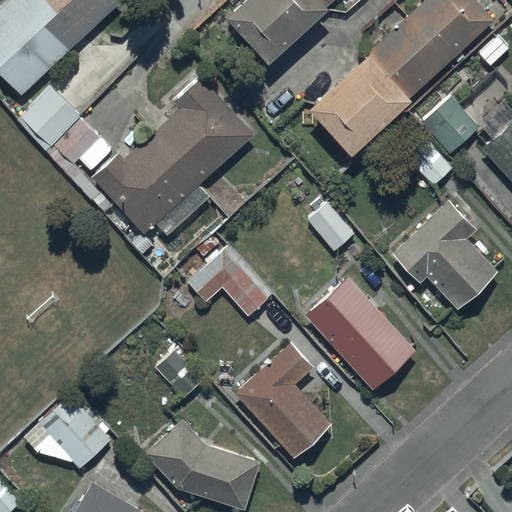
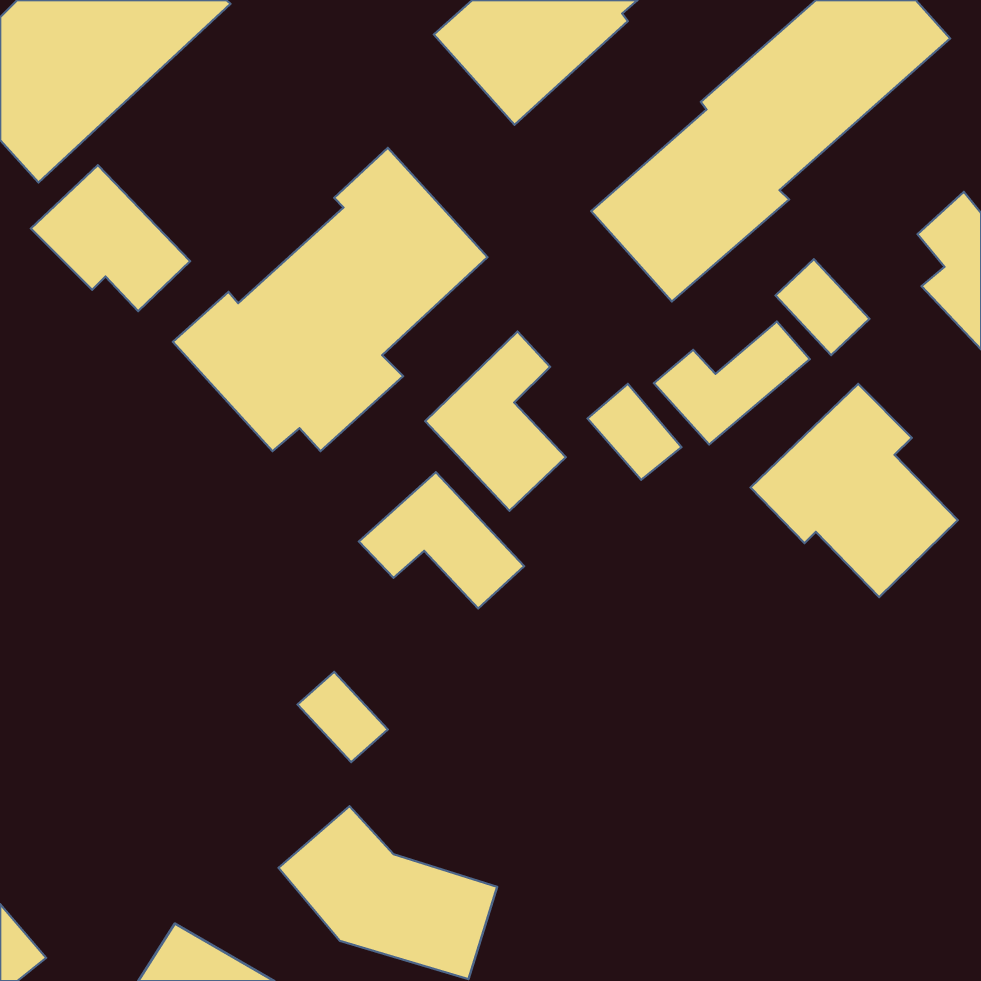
building: [420,97,478,153] -> none
building: none -> [654,321,810,445]
building: none -> [425,332,566,511]
building: [303,276,417,392] -> none
building: [234,343,331,458] -> none
building: [30,395,109,468] -> none

